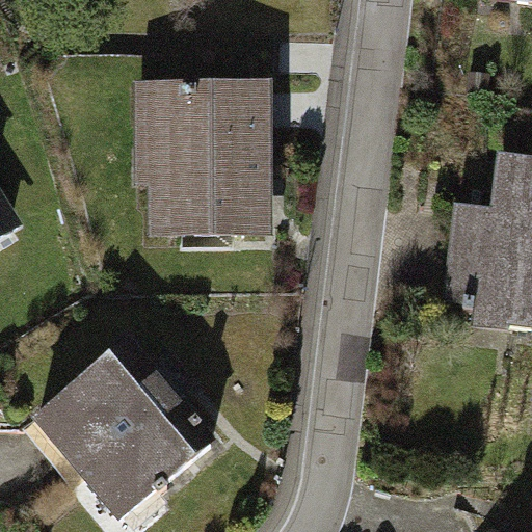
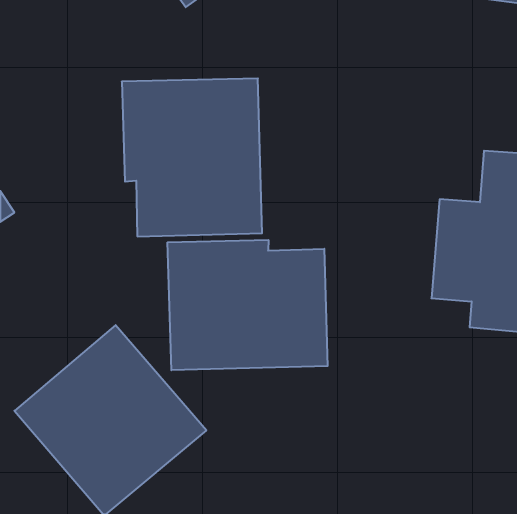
building: none -> [168,240,328,370]

